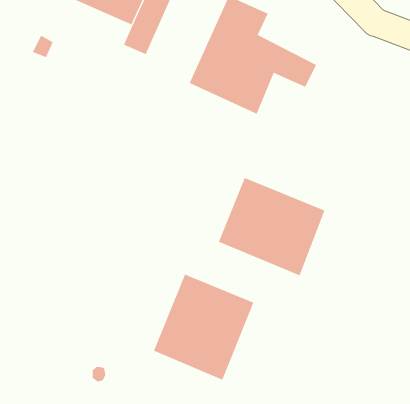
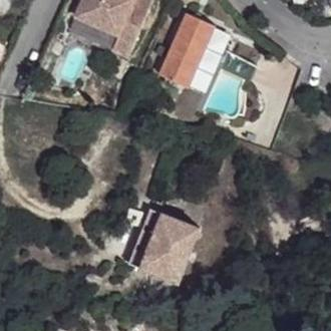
building: [218,177,325,276] -> none

